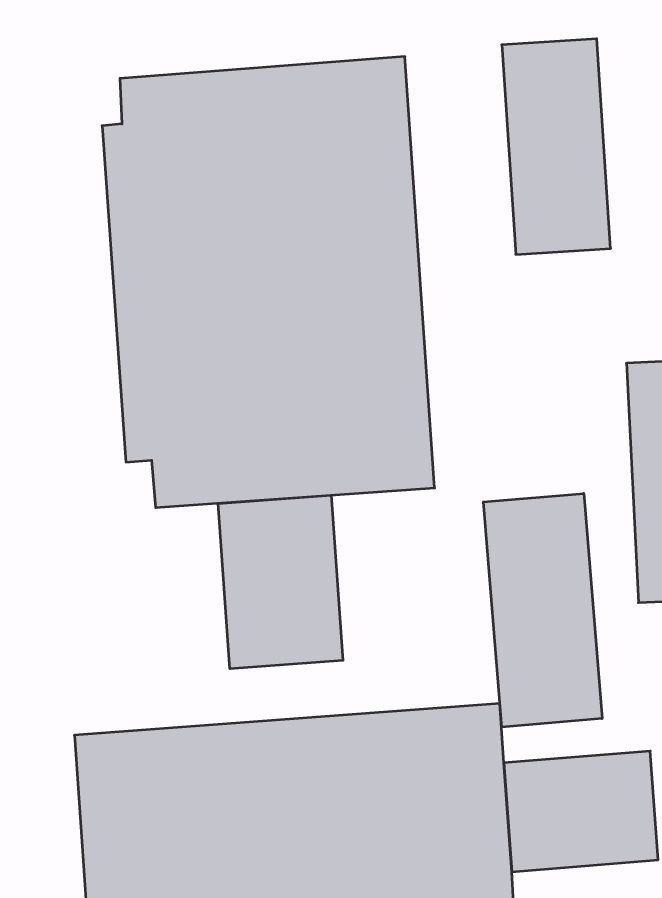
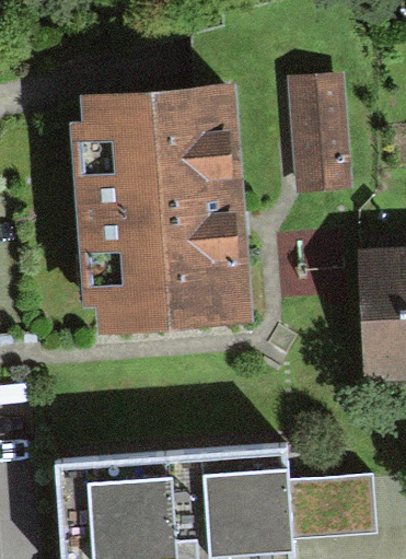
building: [483,493,602,727] -> none
building: [218,495,343,669] -> none

